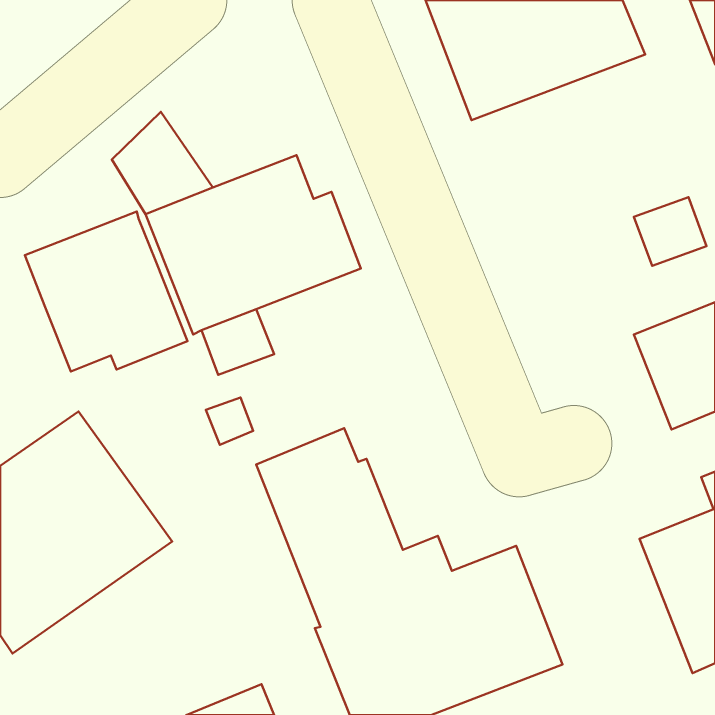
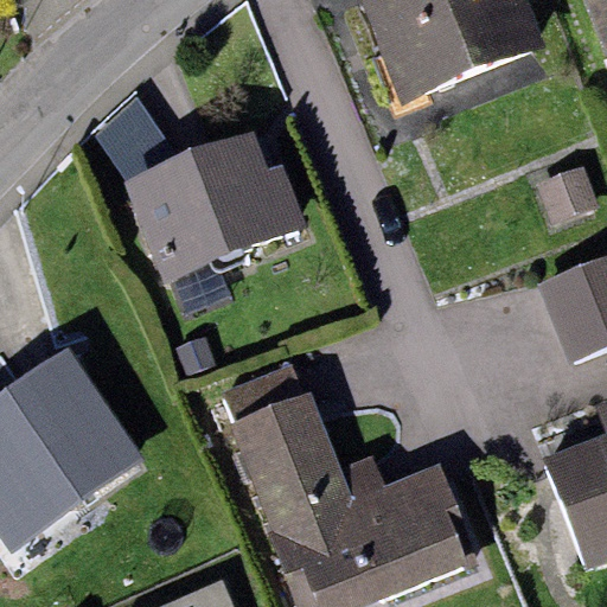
building: [25,212,187,371] -> none

